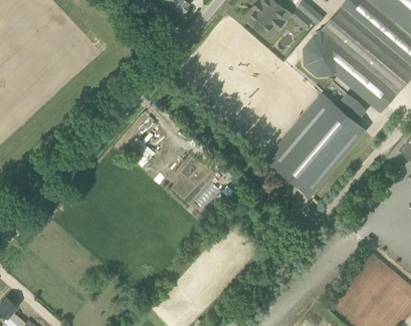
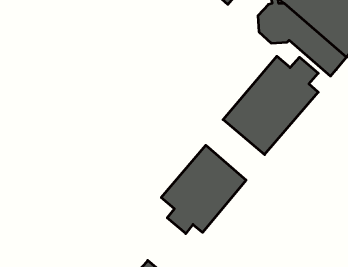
building: none -> [161,145,246,234]

